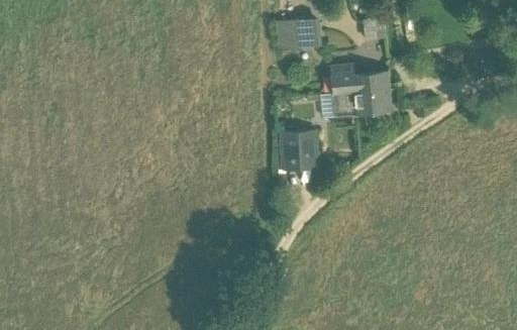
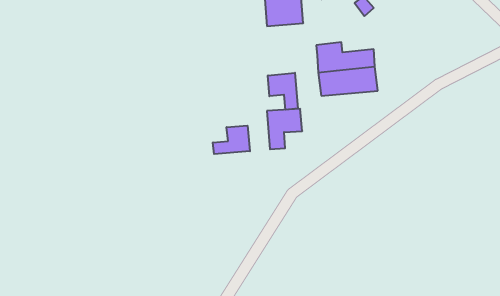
building: none -> [268,73,298,110]
building: none -> [213,126,250,154]

